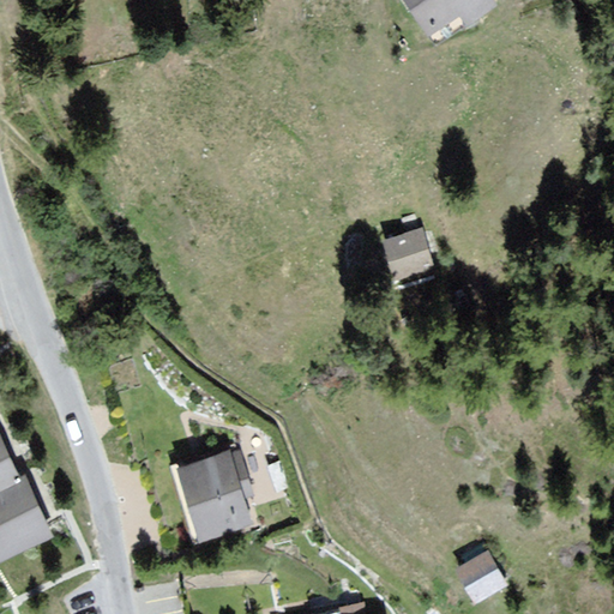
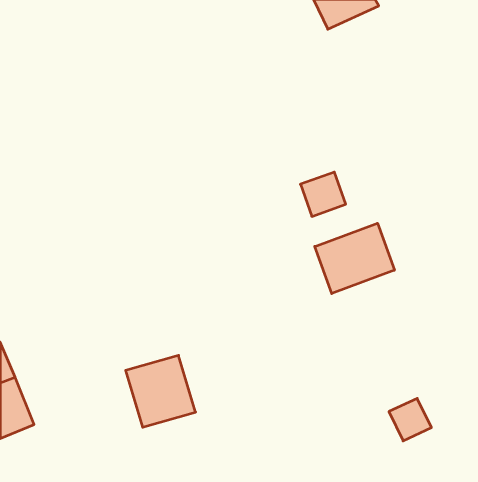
building: none -> [315,223,394,294]
building: [452,549,506,603] -> [389,398,431,441]

